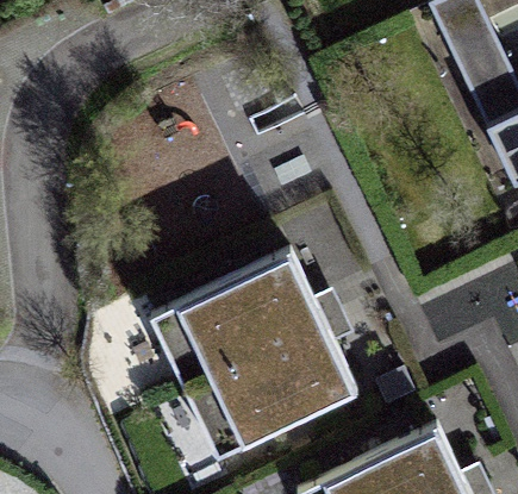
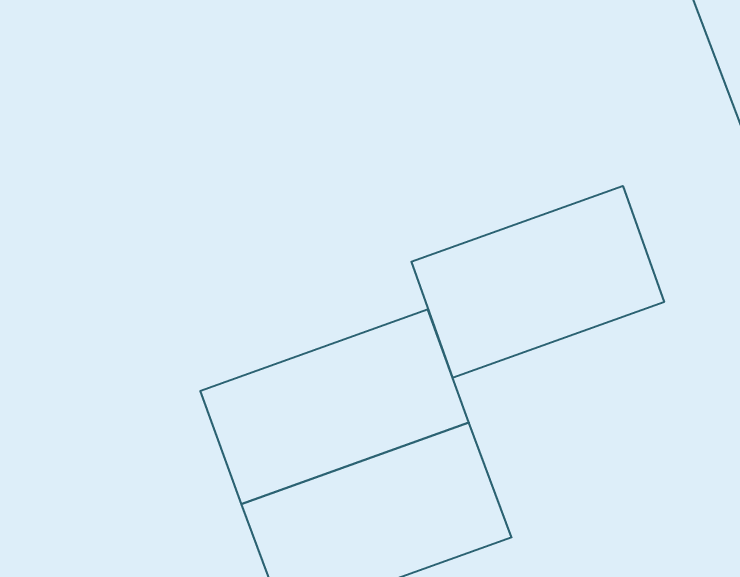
building: none -> [411,186,664,378]

